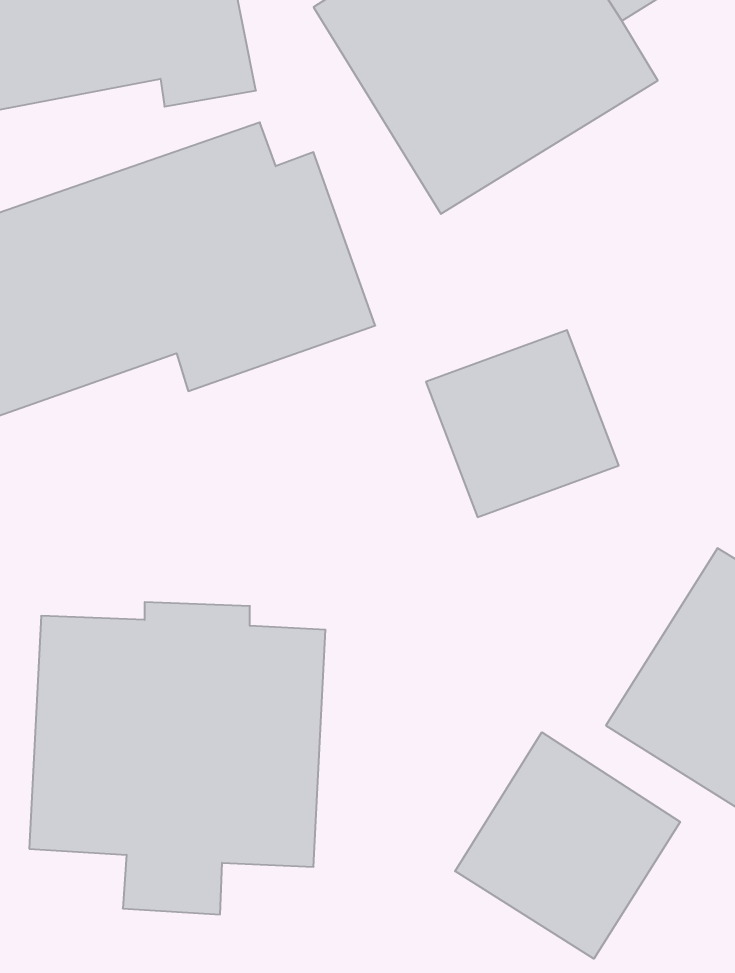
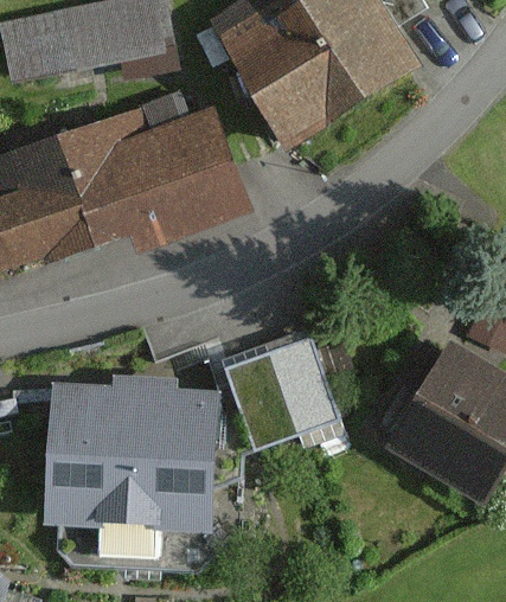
building: [426,330,619,517] -> [225,338,340,449]
building: [455,732,680,959] -> none

